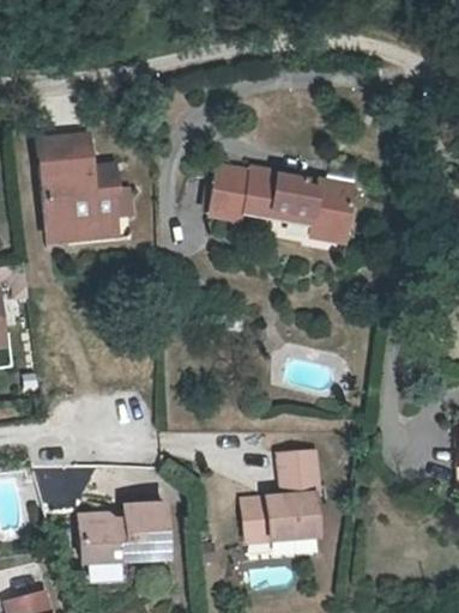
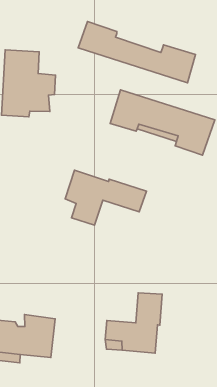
building: none -> [78,21,196,83]
building: none -> [65,170,146,225]

